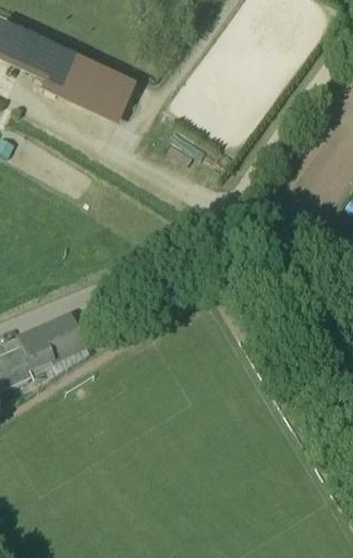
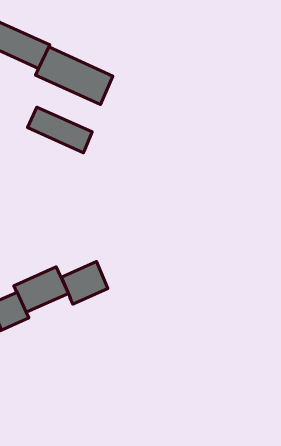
building: none -> [27,107,92,153]
building: none -> [61,262,108,304]

